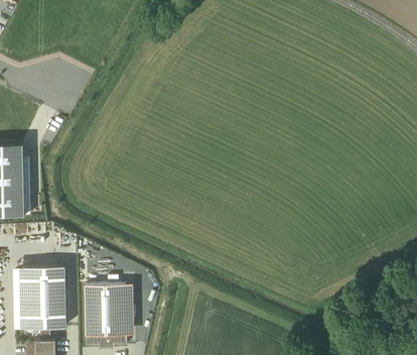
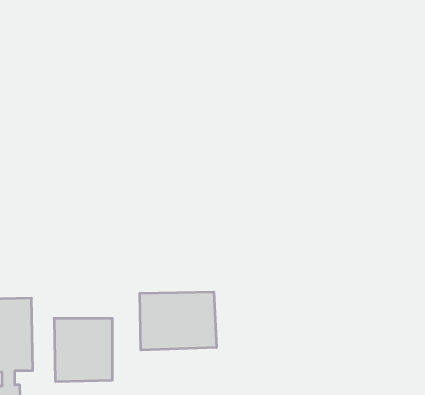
building: none -> [140,292,216,350]

